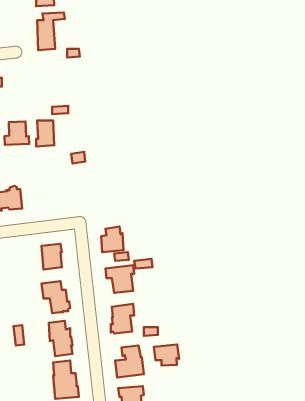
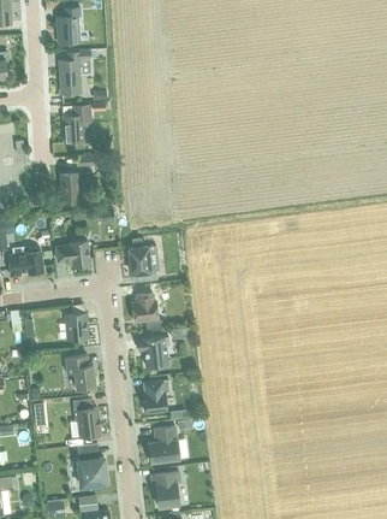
building: none -> [62,105,91,142]
building: [4,121,29,145] -> none
building: none -> [130,238,157,282]
building: none -> [55,240,90,267]
building: [154,344,179,366] -> none

